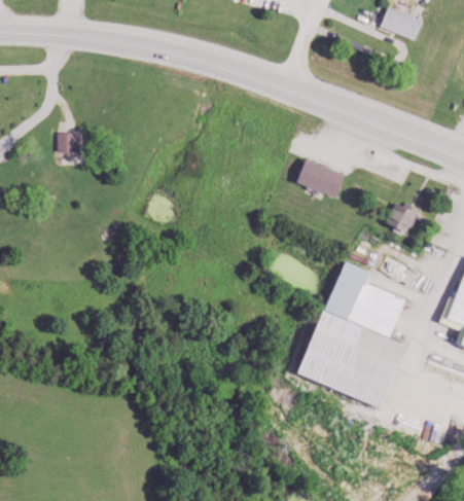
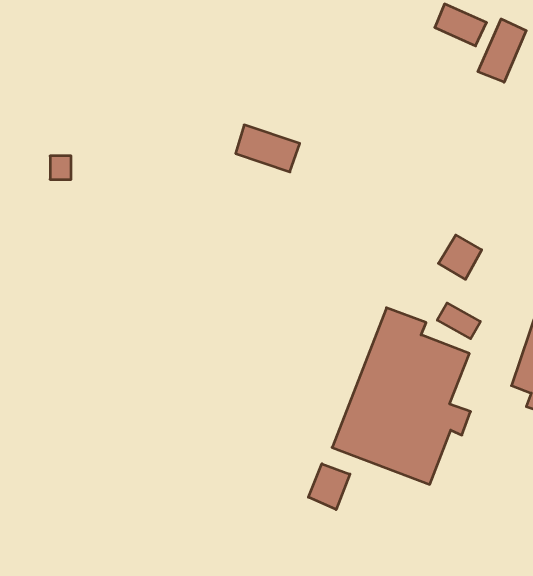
building: none -> [478,19,526,82]
building: [296,159,350,199] -> [236,125,300,172]
building: none -> [308,464,350,510]

